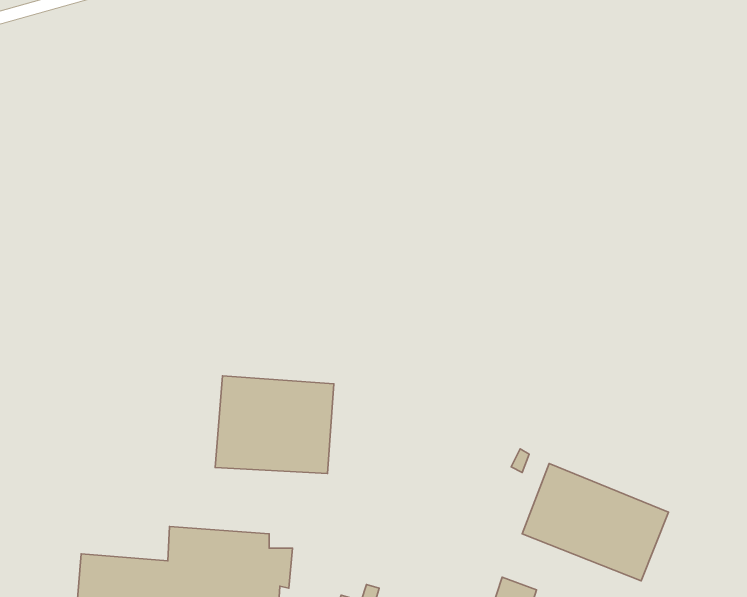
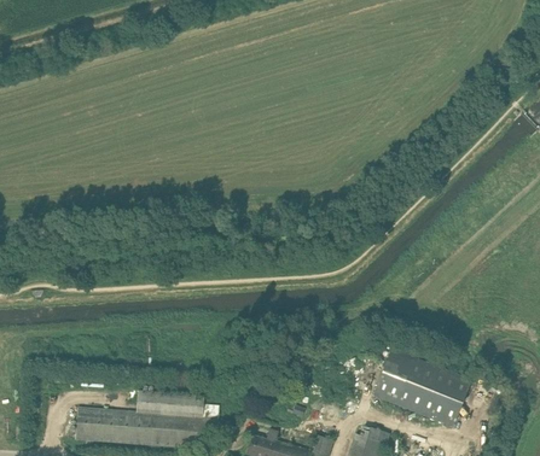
building: [215,376,334,473] -> none

